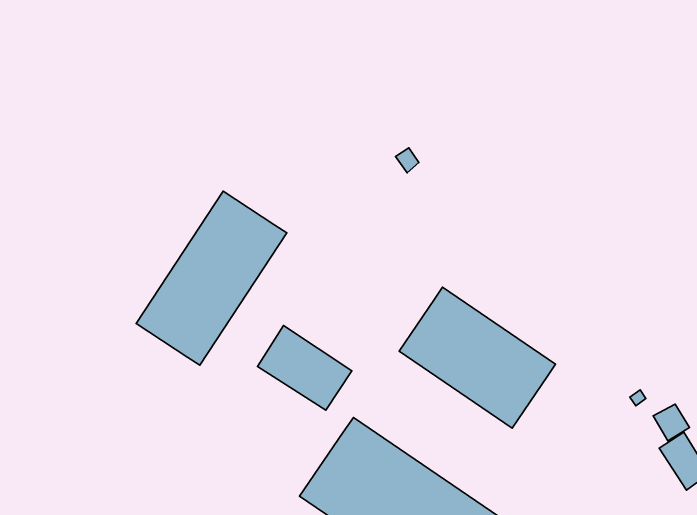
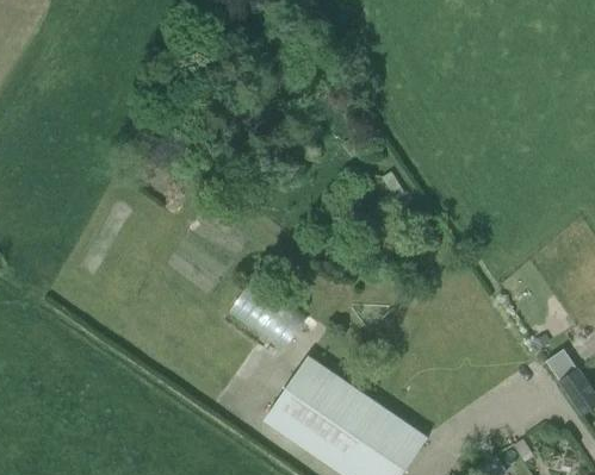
building: [136,191,287,365] -> none
building: [399,287,555,428] -> none

